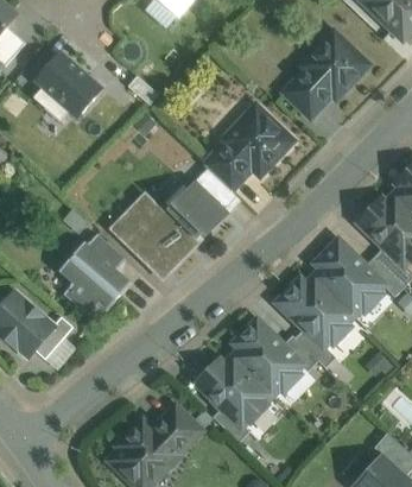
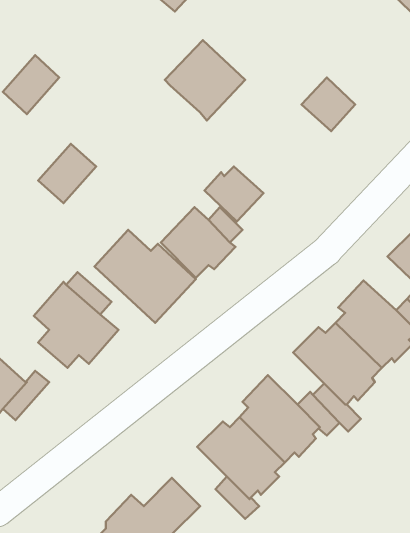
building: [303,33,367,97] -> none
building: [55,70,103,120] -> [38,144,96,203]
building: [224,107,292,175] -> [165,40,245,121]

